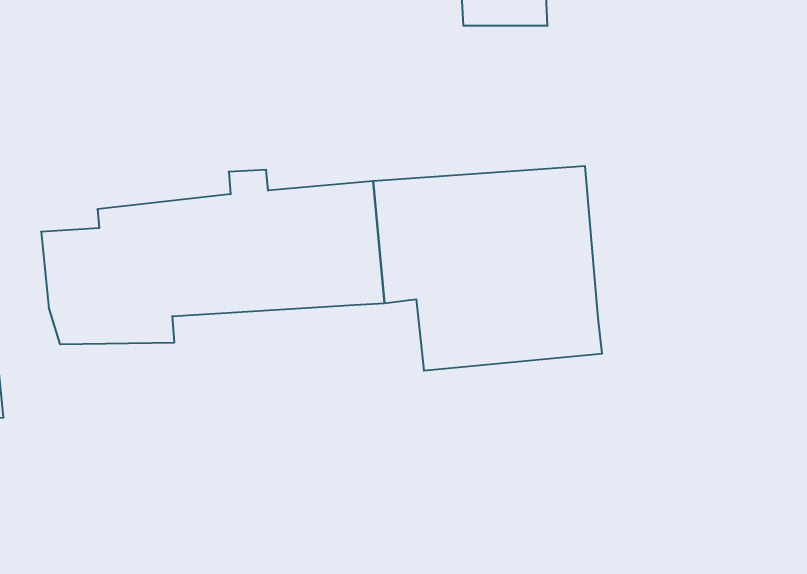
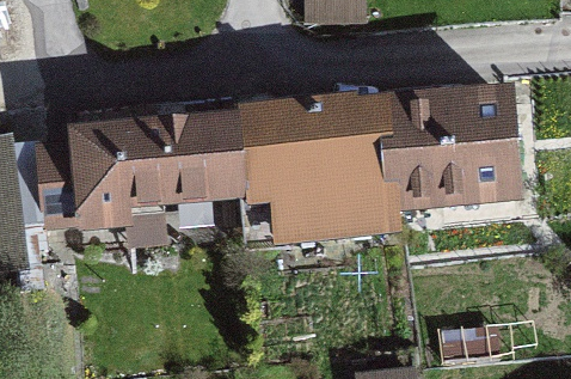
building: none -> [385,92,514,204]

